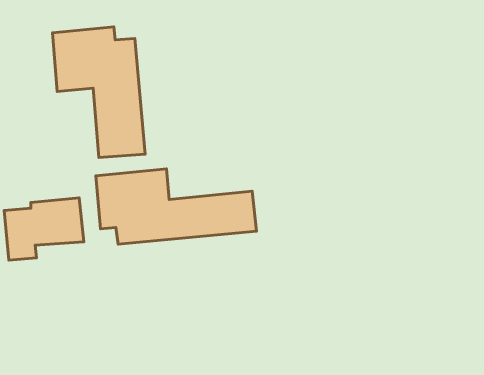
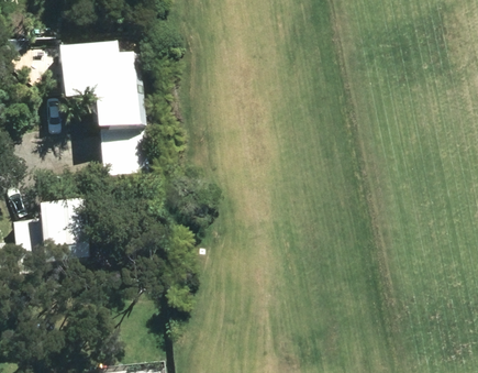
building: [96,169,257,244] -> none

